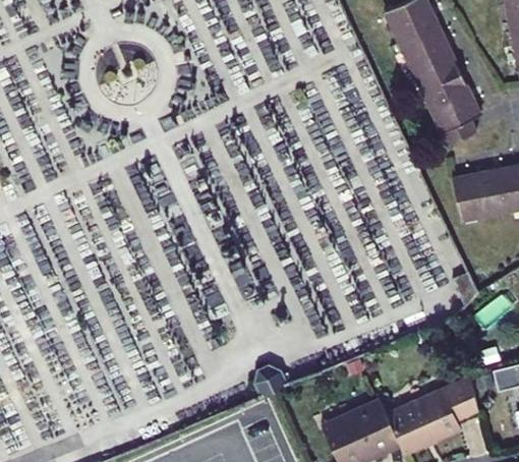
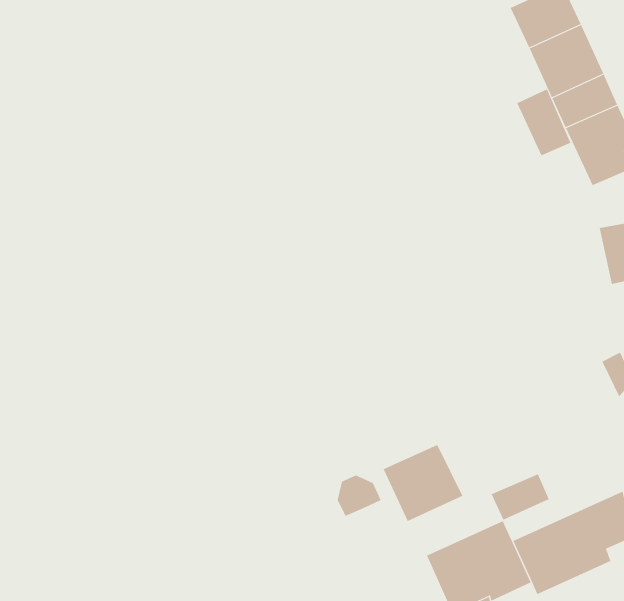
building: none -> [517,89,571,156]
building: none -> [383,444,463,522]
building: none -> [491,474,549,521]

